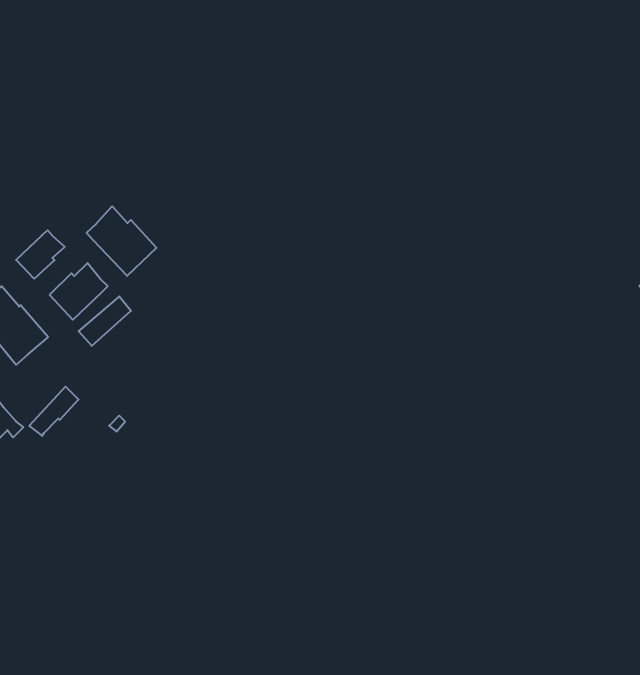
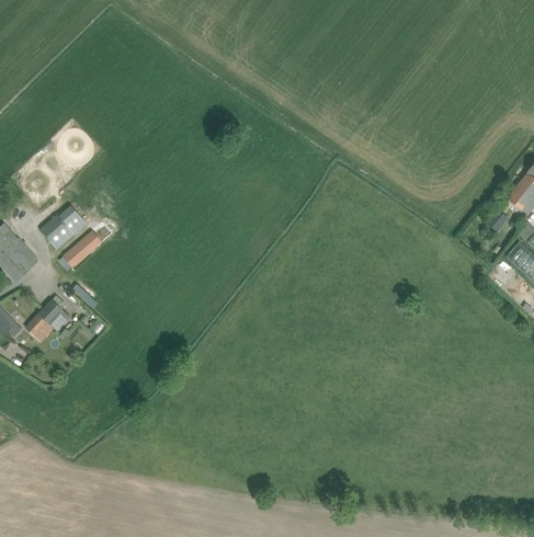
building: [87,206,156,276] -> none
building: [16,230,65,279] -> none

